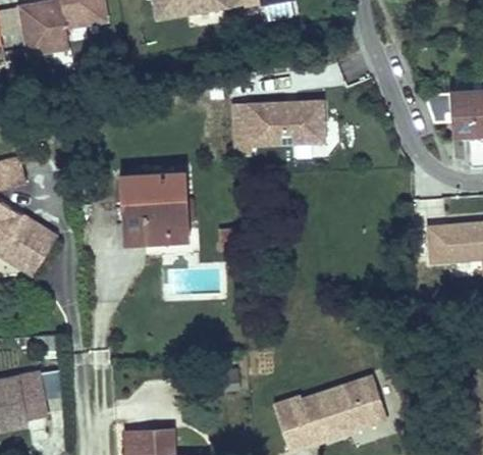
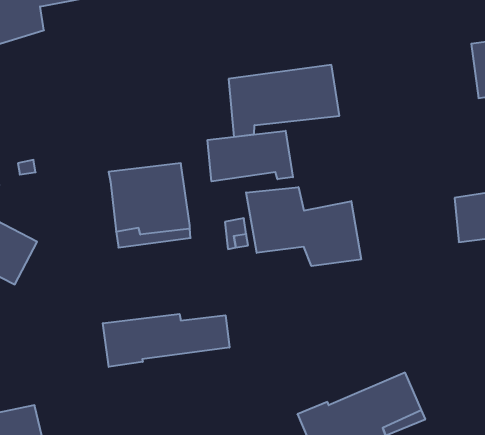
building: none -> [208,131,293,181]
building: none -> [246,187,361,266]
building: none -> [103,314,229,367]

